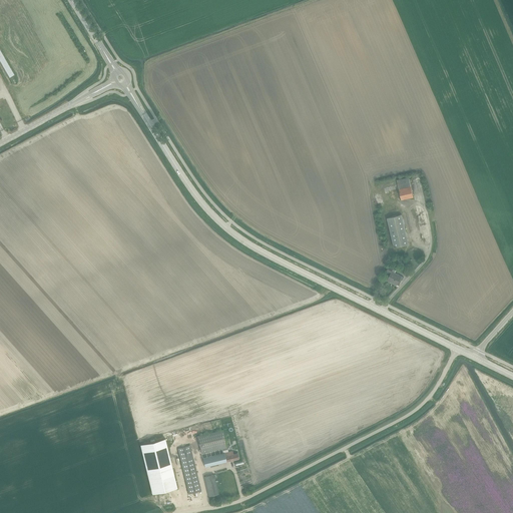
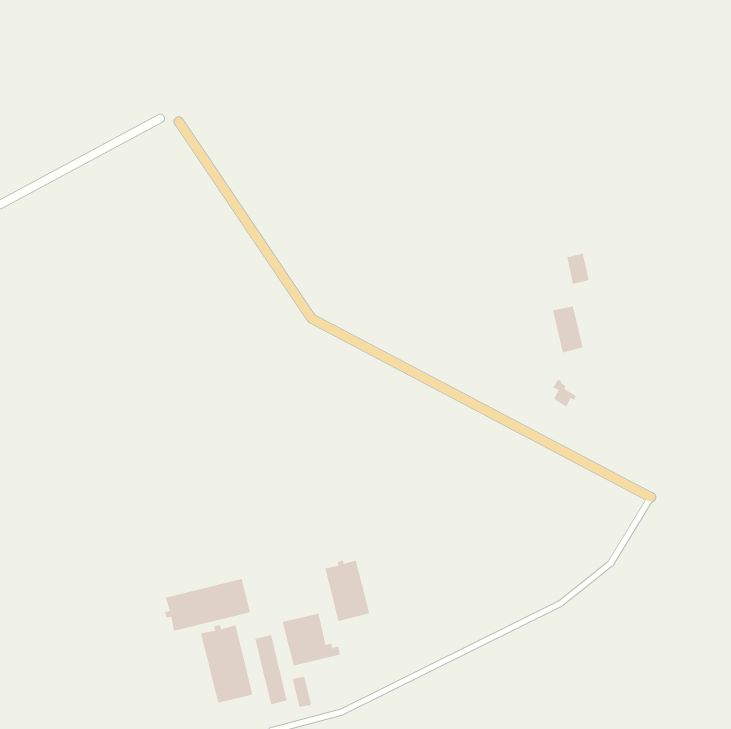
building: none -> [325,560,370,622]
building: none -> [164,578,251,632]

